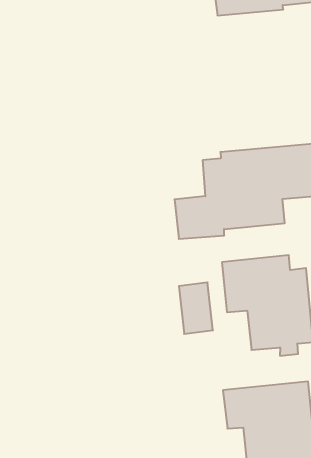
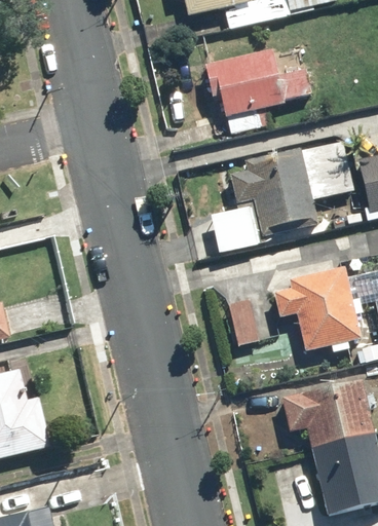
building: none -> [206,47,315,136]

